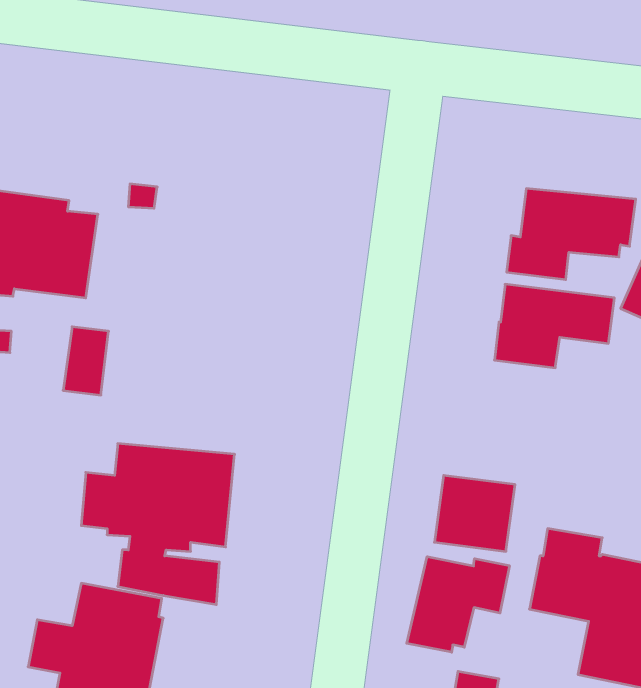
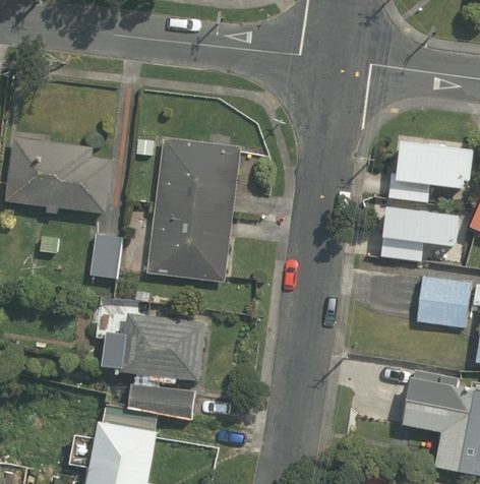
building: none -> [145,137,238,282]
building: [434,475,515,551] -> [417,279,471,329]
building: [407,557,509,652] -> none

